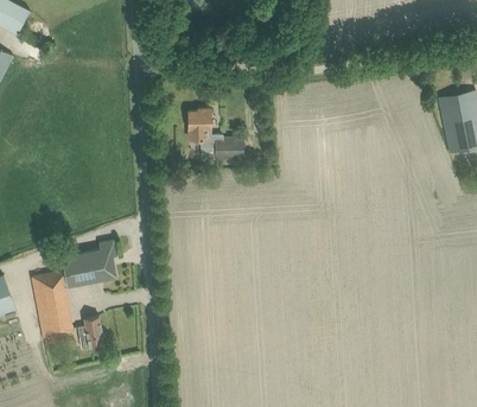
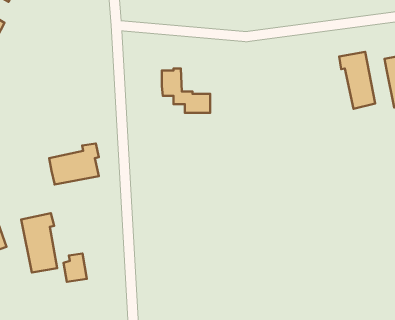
building: none -> [339,52,375,109]
building: [62,240,117,286] -> [49,143,99,185]

